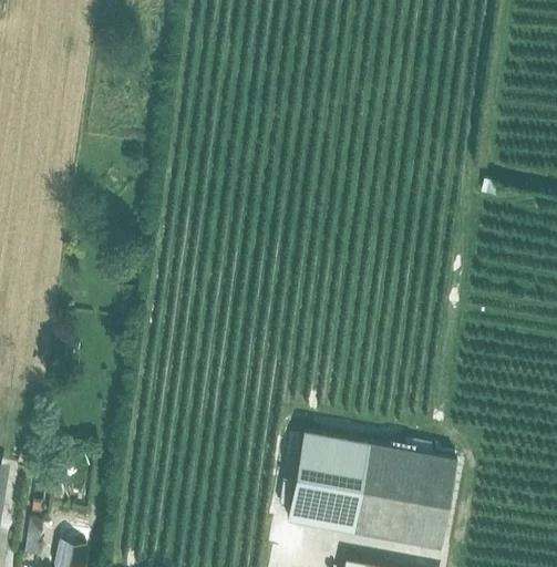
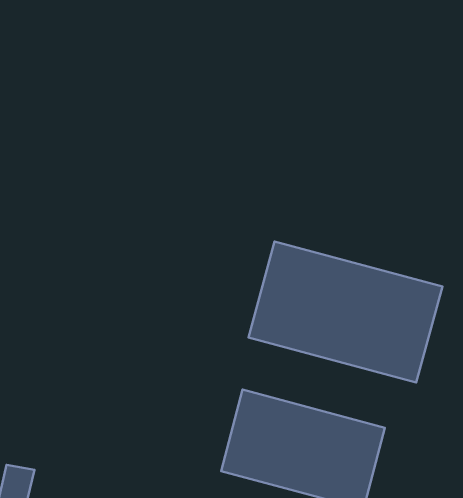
building: none -> [248,241,443,383]

